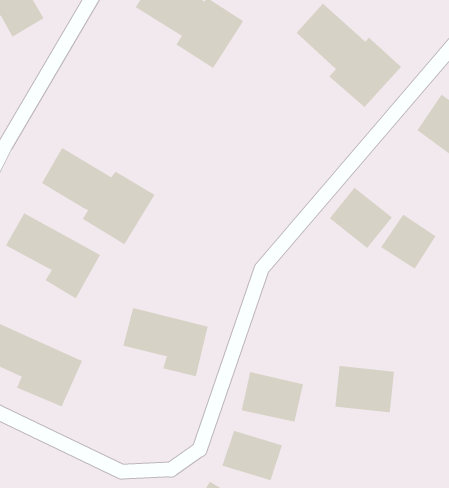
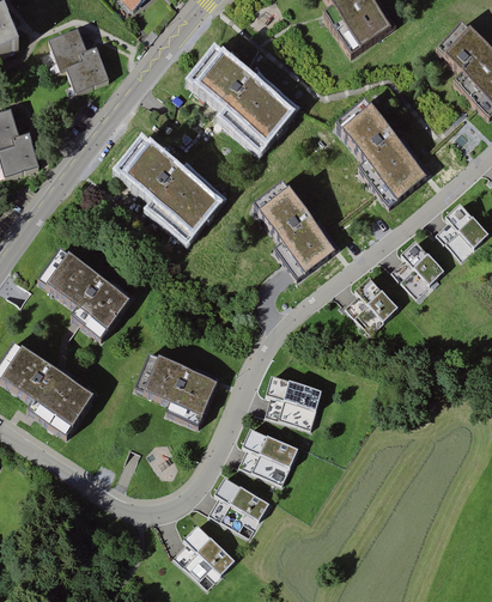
building: none -> [259,183,335,278]
building: [41,147,155,245] -> [119,141,221,239]
building: [380,214,436,270] -> [391,242,444,294]
building: [335,365,395,413] -> [262,376,322,426]

